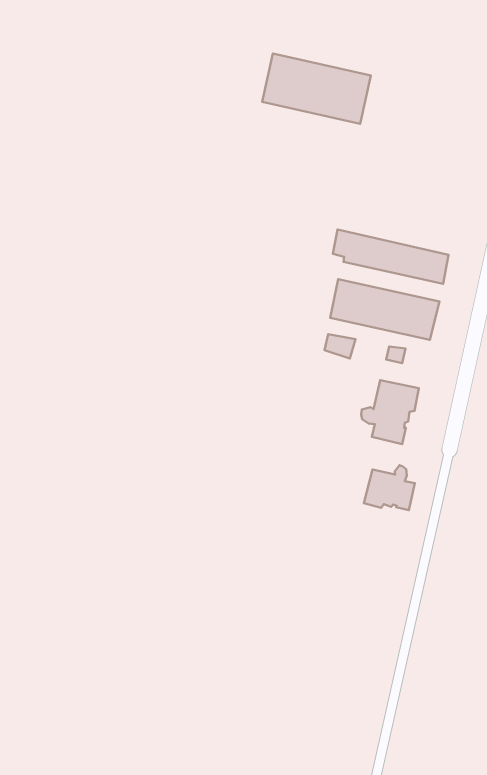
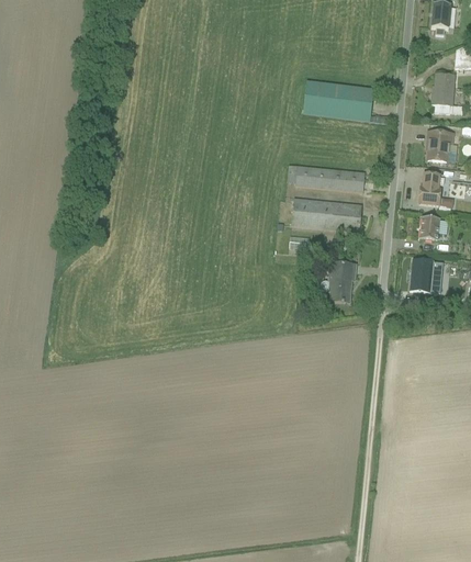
building: [262,54,371,124] -> [303,80,373,120]
building: [364,465,415,510] -> none

